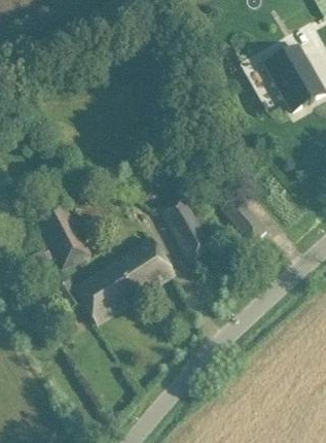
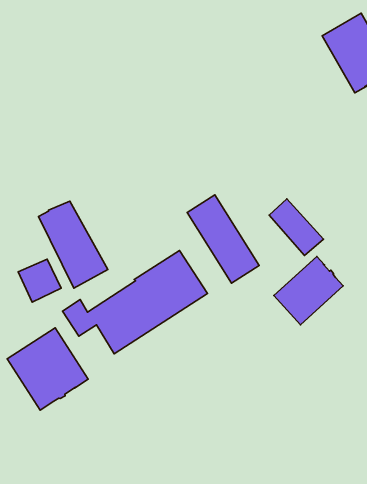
building: none -> [274,256,343,325]
building: none -> [7,328,88,410]

